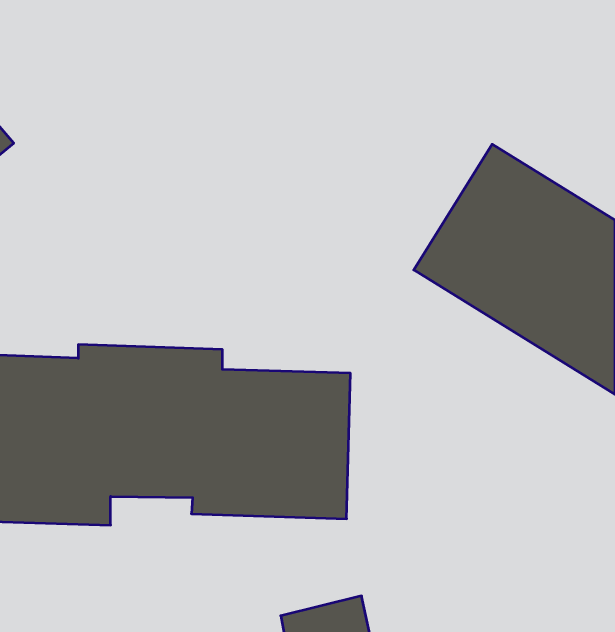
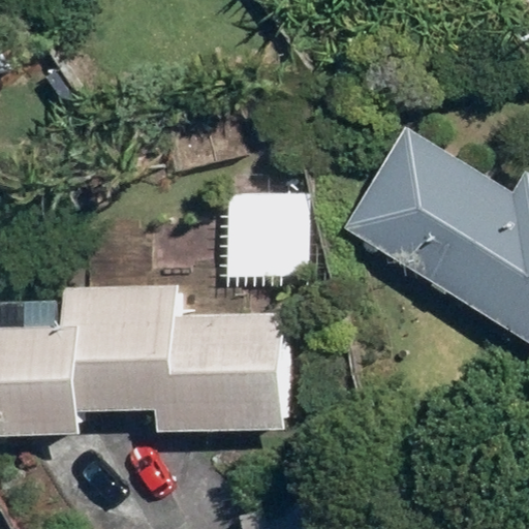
building: none -> [225,190,306,279]

